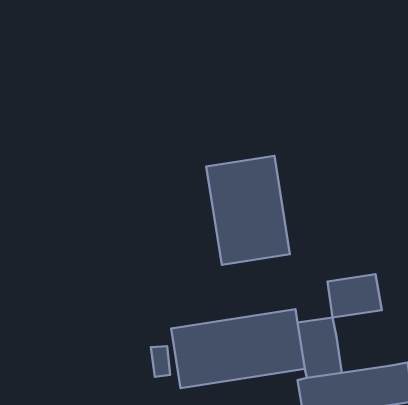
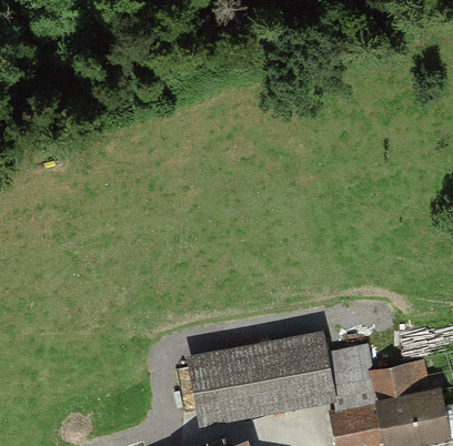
building: [206,156,290,265] -> none
building: [327,274,382,317] -> [372,359,431,406]

